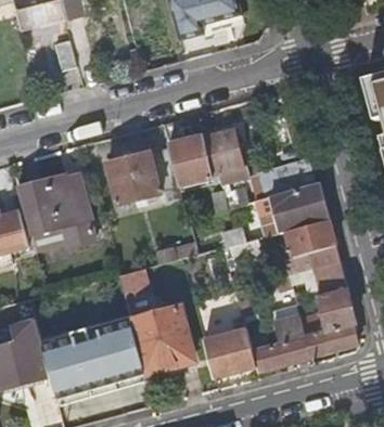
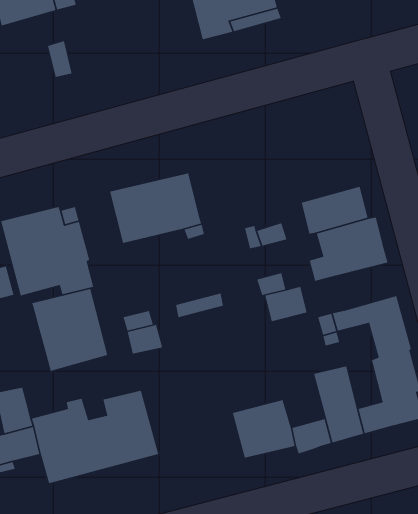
building: [162,119,245,181] -> none
building: [287,219,336,257] -> none
building: [130,306,192,373] -> [31,288,108,372]

